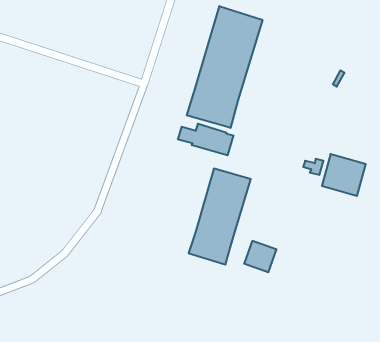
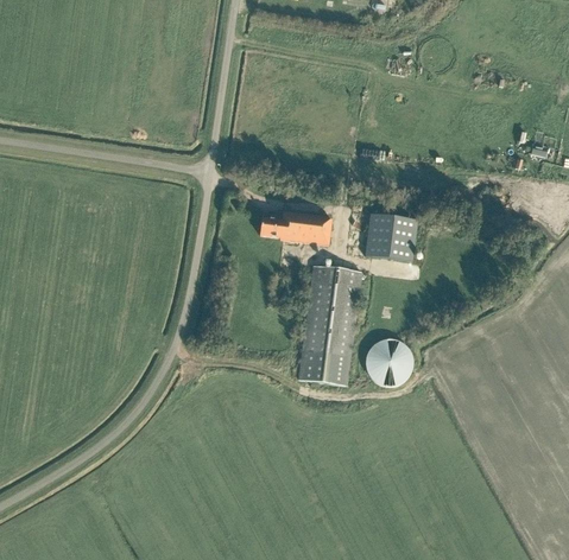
building: [187,6,262,128] -> none
building: [322,154,366,196] -> [363,212,416,261]

